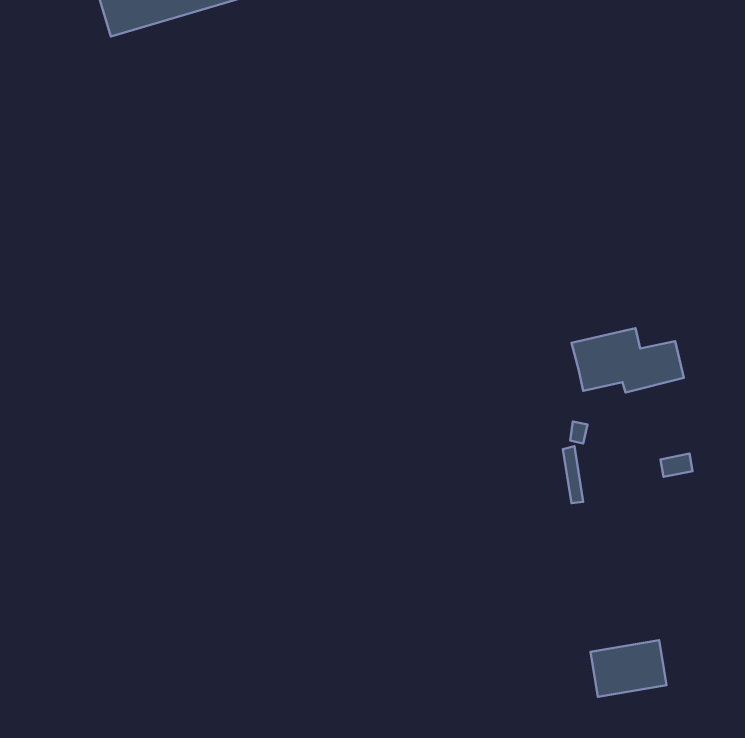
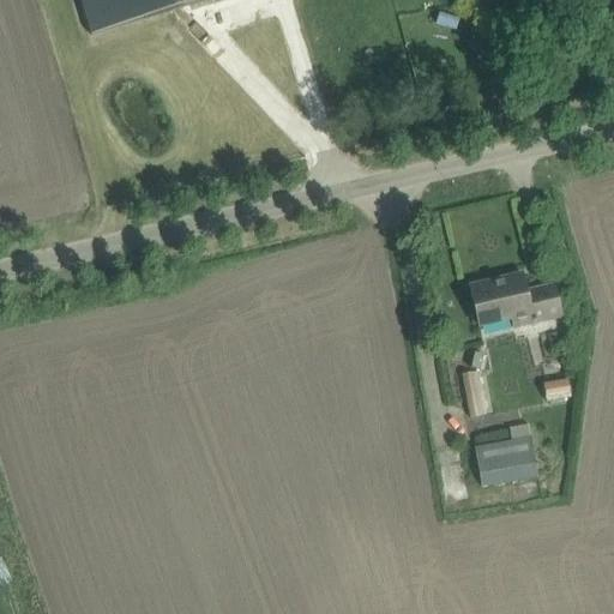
building: [591,640,666,697] -> [476,434,538,481]

